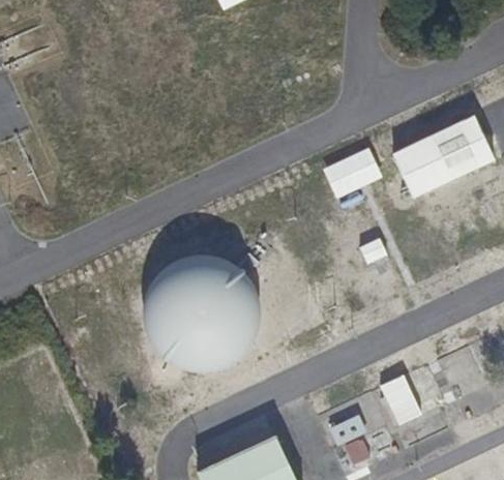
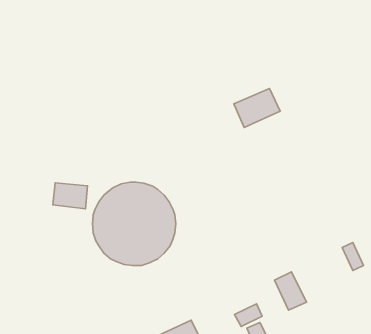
building: [391,116,495,198] -> none
building: none -> [53,183,87,209]

